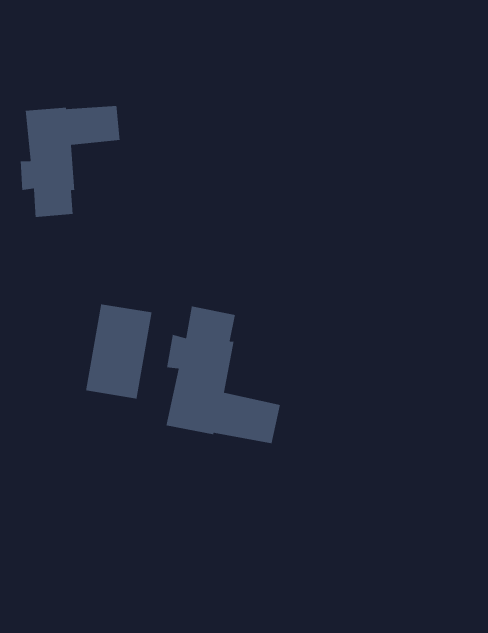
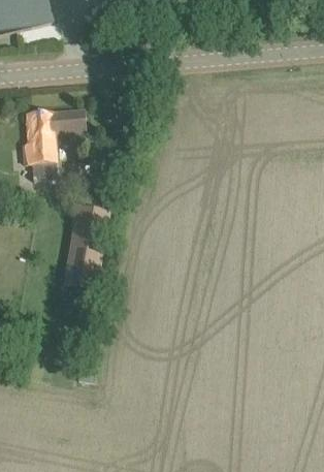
building: [166,305,281,444] -> none

